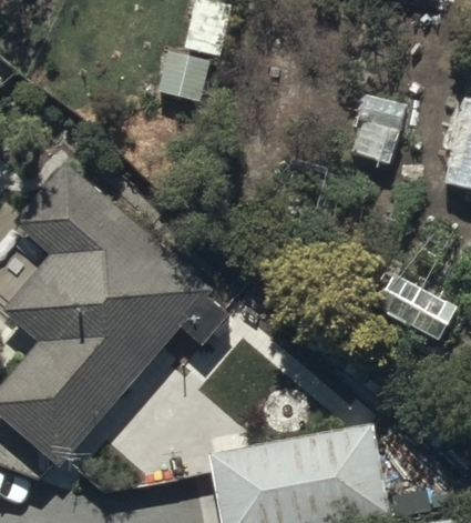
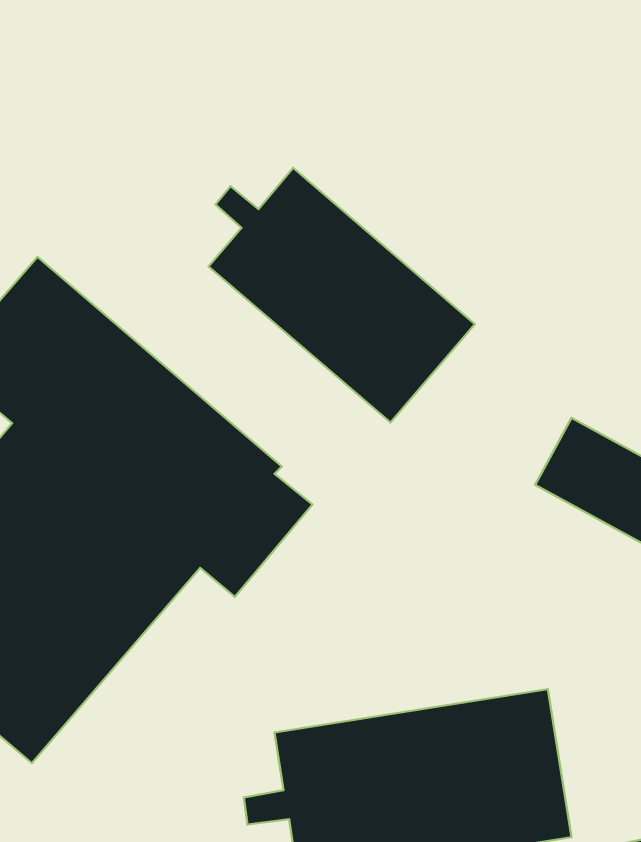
building: none -> [209,168,475,422]

